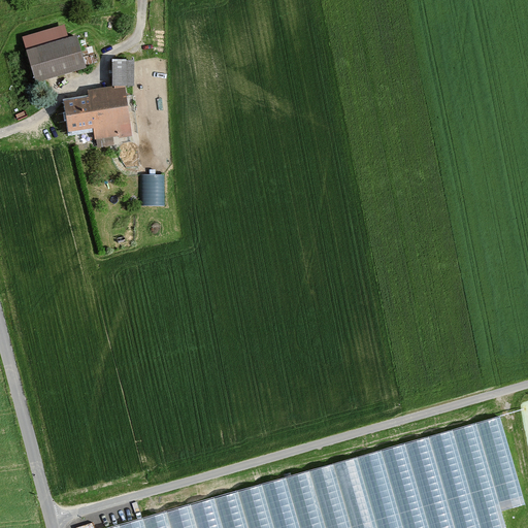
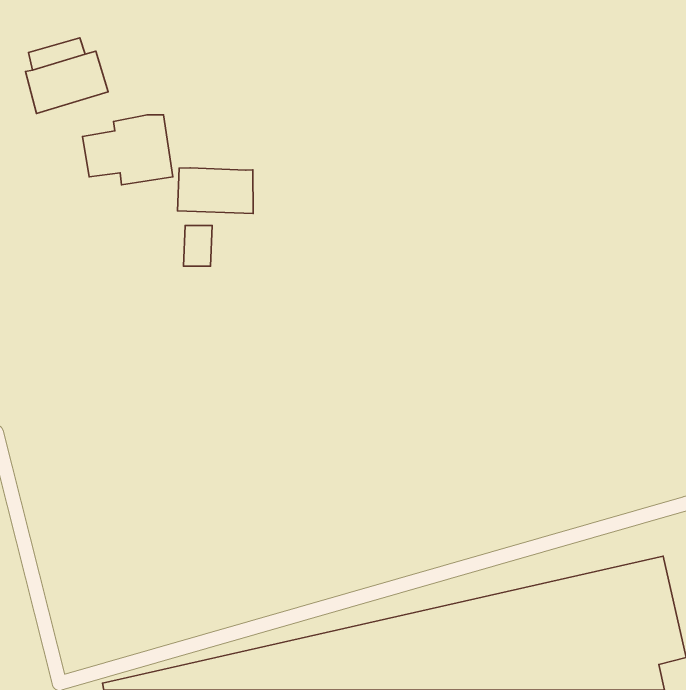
building: [111,63,132,88] -> none
building: none -> [178,168,253,213]

